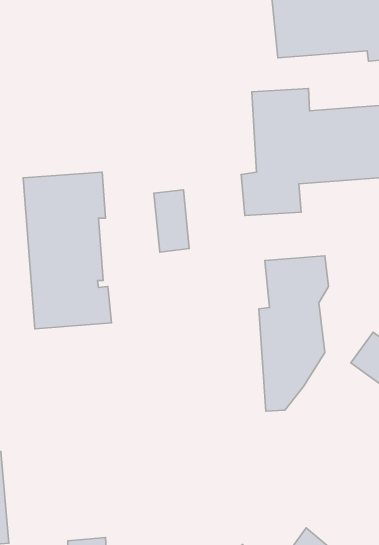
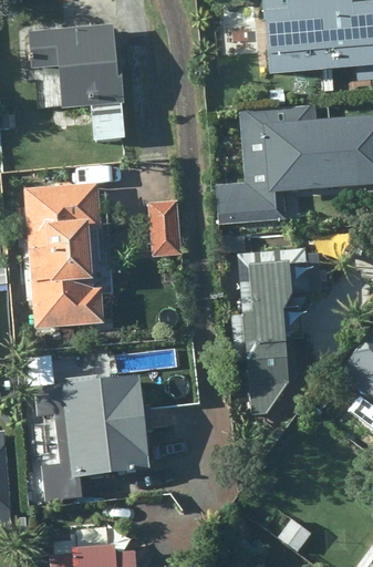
building: none -> [29,25,125,142]
building: none -> [33,373,151,501]

